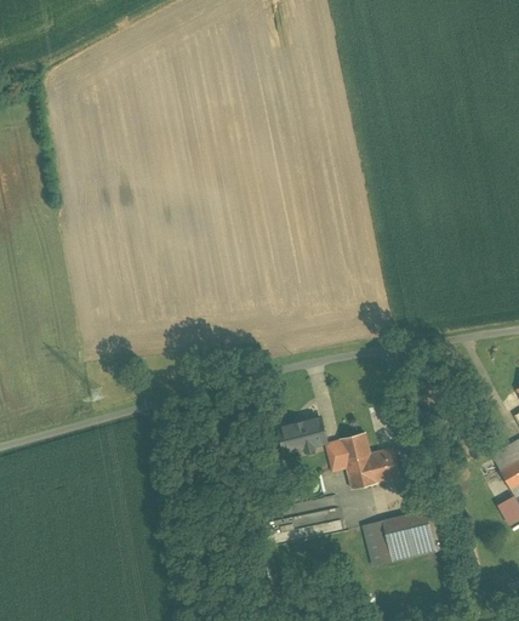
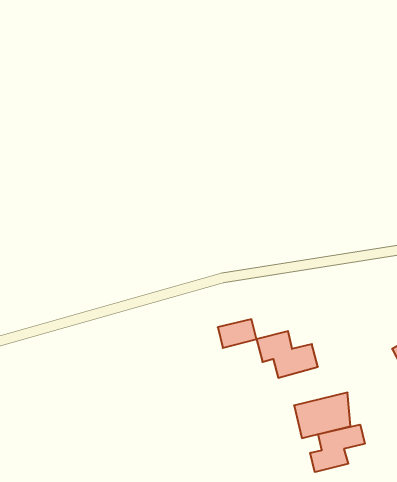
building: none -> [310,425,365,472]

